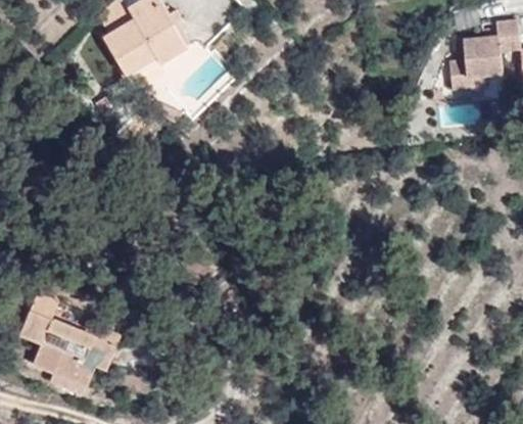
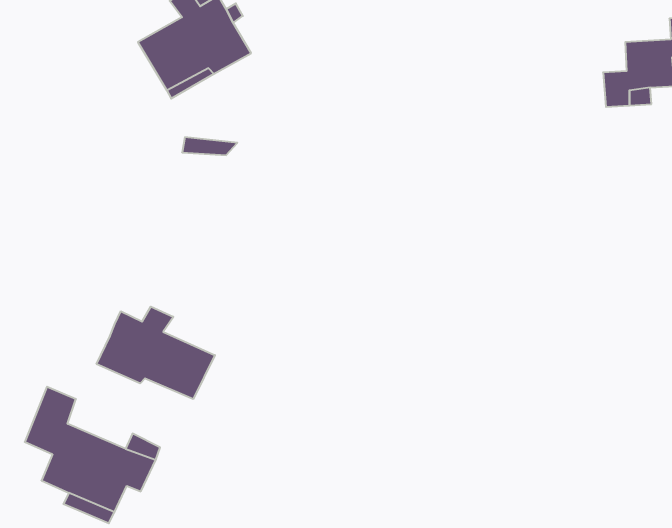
building: none -> [97,307,215,399]

